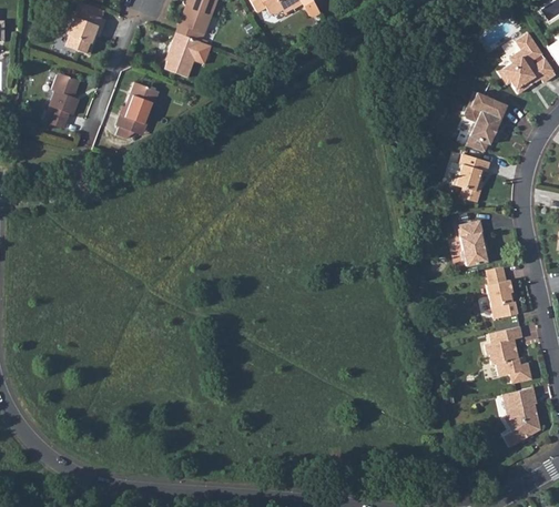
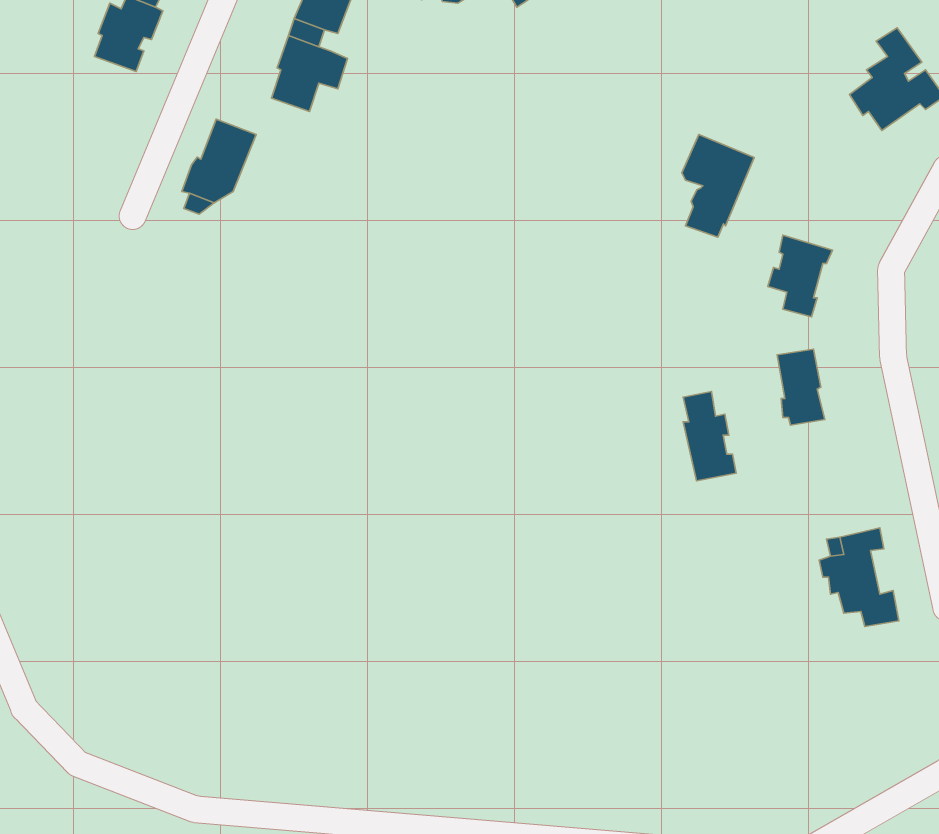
building: [44,73,75,129] -> none
building: [466,90,508,150] -> [682,135,754,237]
building: [486,264,517,316] -> [683,391,736,481]
building: [500,389,537,446] -> none

